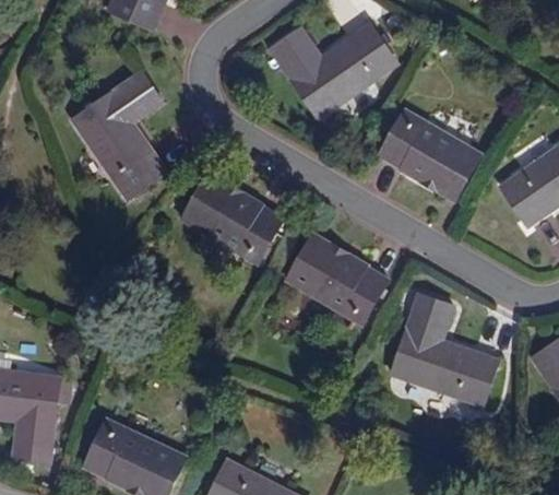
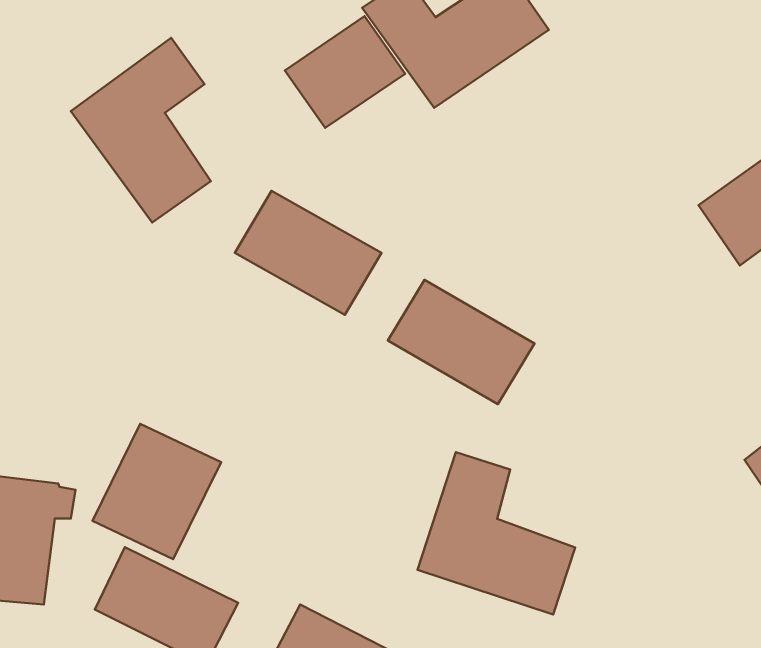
building: none -> [285,16,405,128]
building: [380,111,479,195] -> none
building: [390,294,498,405] -> [418,452,575,614]
building: none -> [92,424,221,559]

